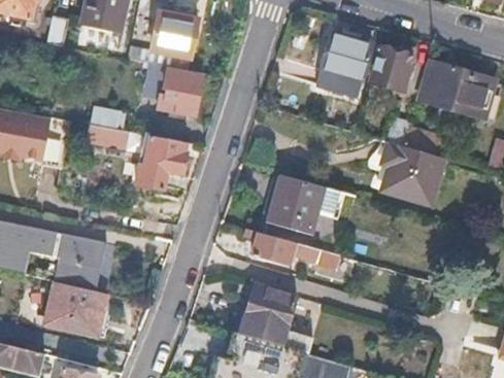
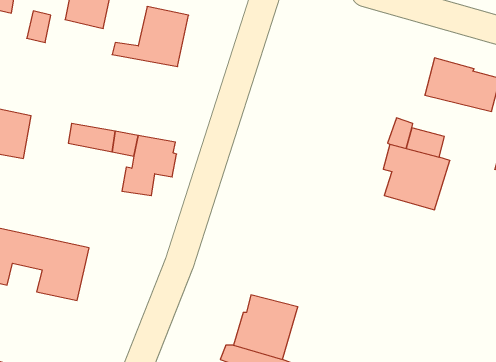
building: [315,33,371,96] -> none
building: [371,48,410,92] -> none
building: [164,70,203,114] -> none
building: [267,176,344,235] -> none
building: [254,234,341,271] -> none
building: [45,282,106,336] -> none

